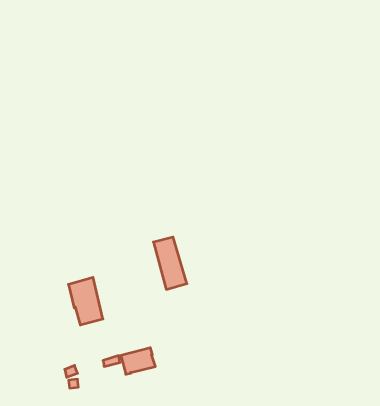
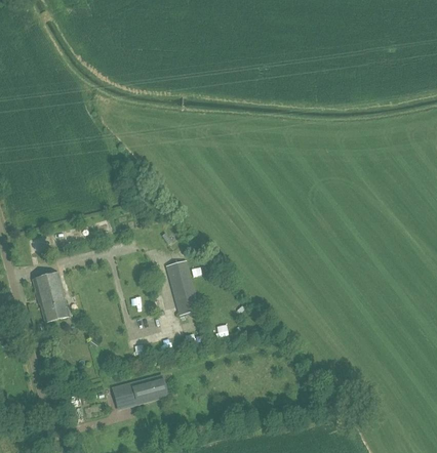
building: [68,277,103,325] -> [33,272,69,321]

